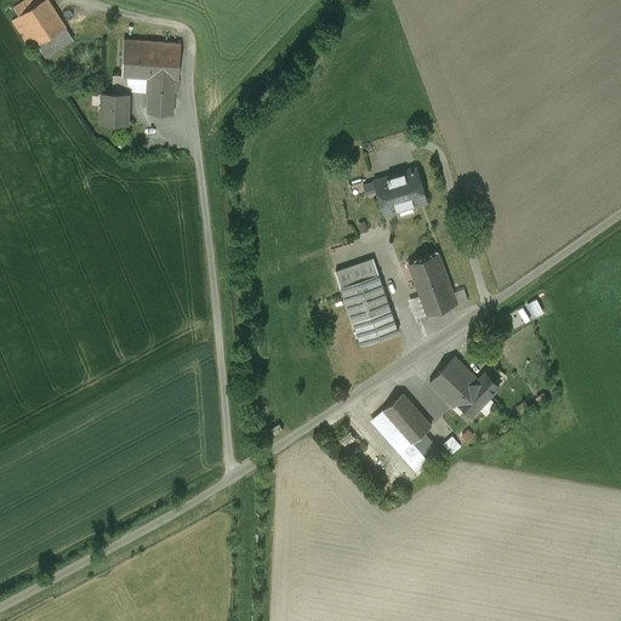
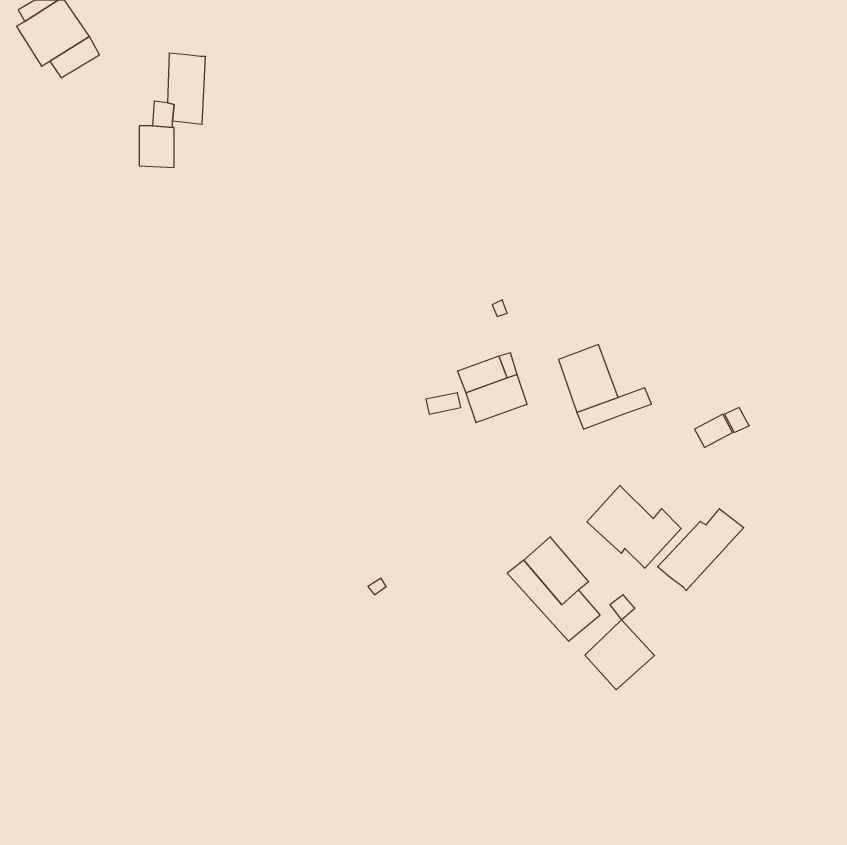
building: [148,42,181,115] -> none
building: [363,171,422,213] -> none
building: [348,297,398,346] -> none
building: none -> [658,509,744,591]
building: none -> [585,620,655,690]

